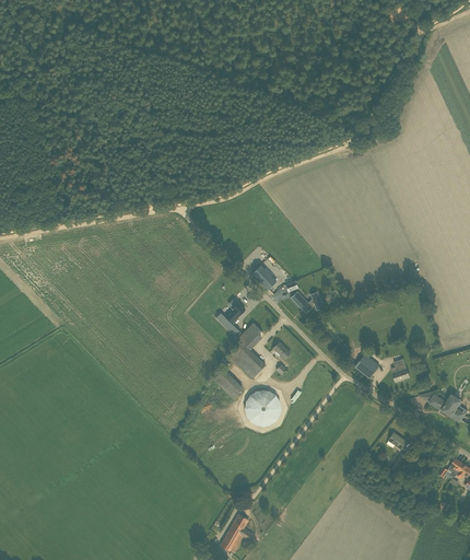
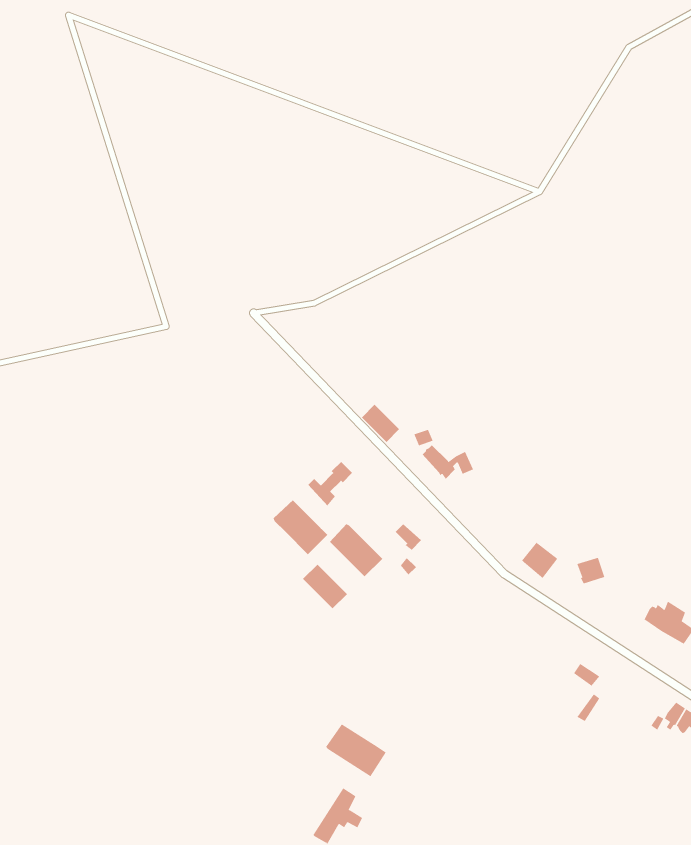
building: none -> [273,500,328,555]
building: [244,387,280,423] -> none
building: none -> [325,723,387,777]

